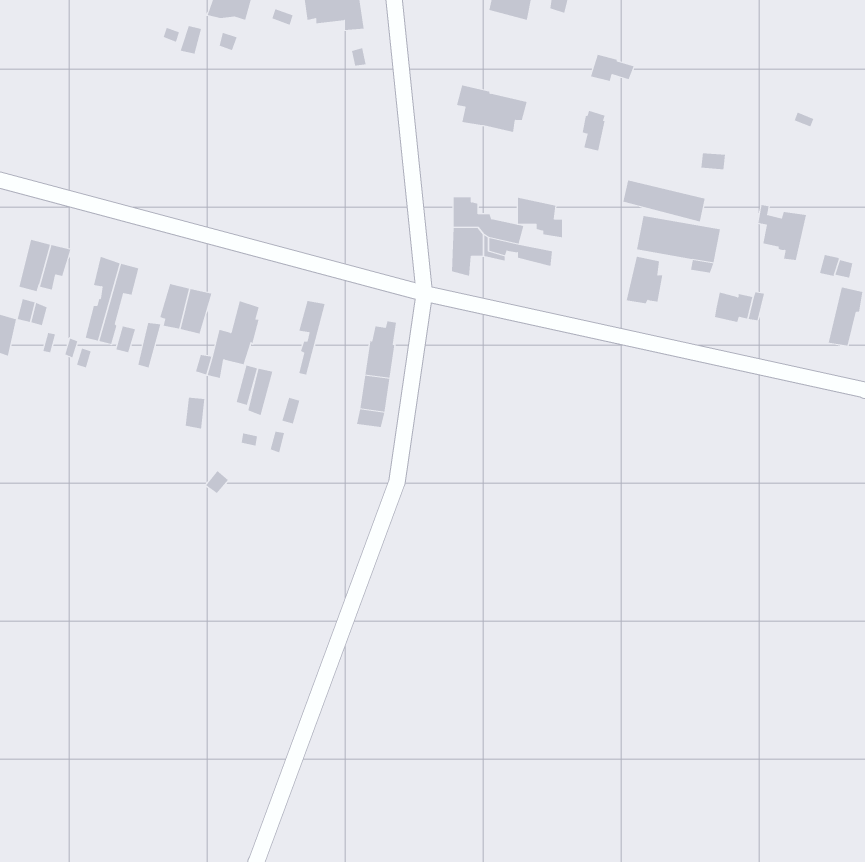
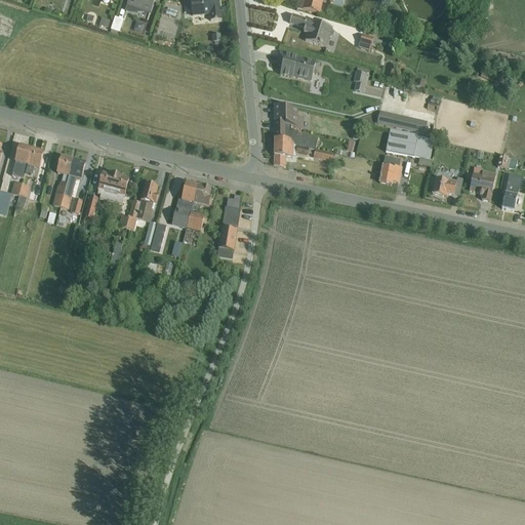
building: none -> [288,13,333,46]
building: [517,197,563,238] -> [274,103,301,127]
building: [758,205,807,261] -> [466,166,495,200]
building: none -> [186,184,210,231]

